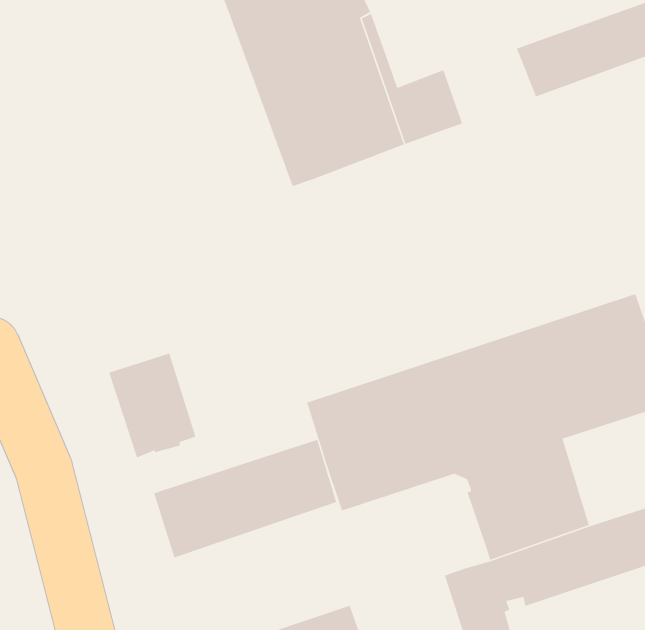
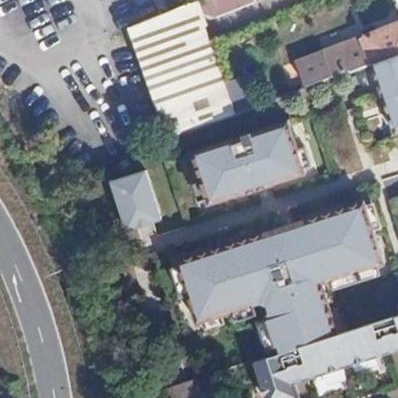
building: none -> [189,122,303,206]
building: [108,353,196,458] -> [109,172,159,232]
building: [153,439,337,559] -> none

